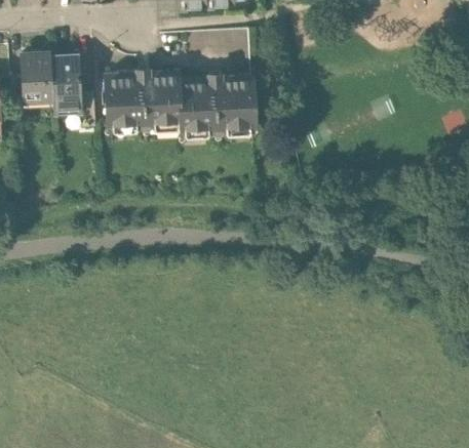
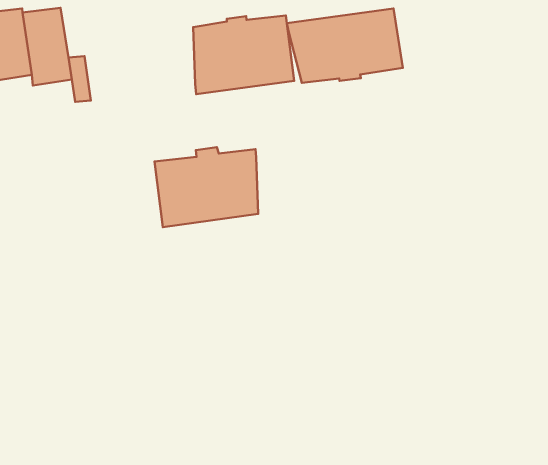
building: [101,66,180,124] -> [155,147,258,227]
building: none -> [287,8,403,83]

